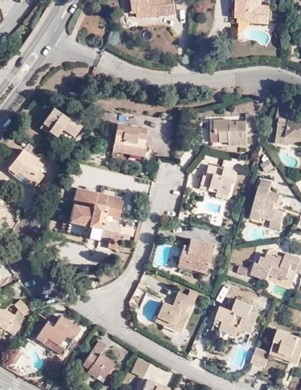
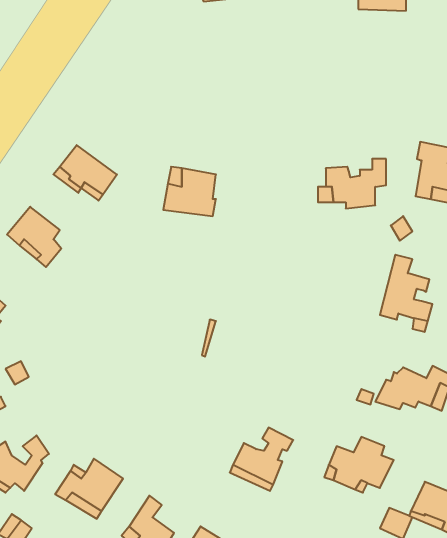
building: [197,160,238,200] -> none
building: [61,188,123,249] -> none
building: [177,239,213,274] -> none

